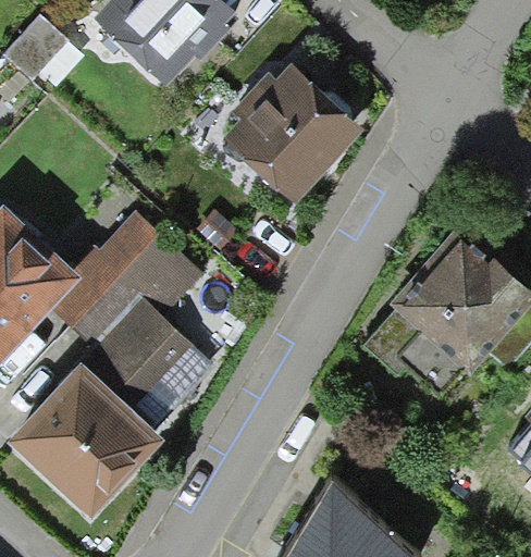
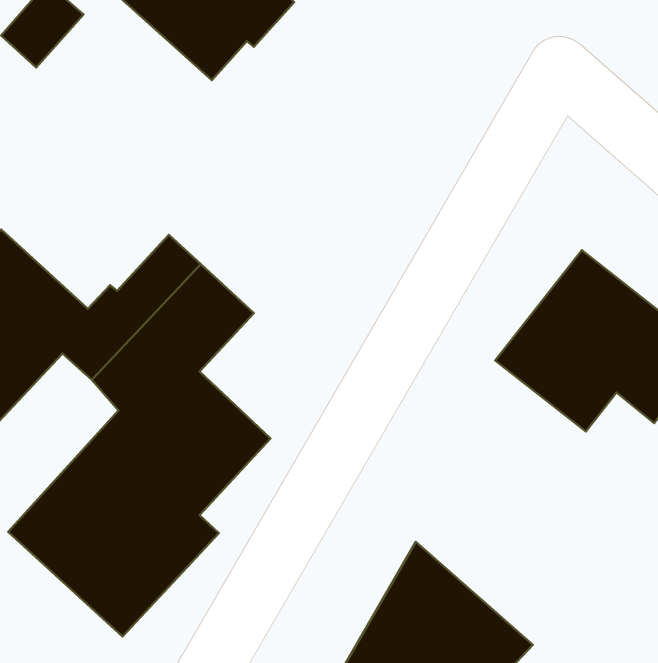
building: [220,65,354,199] -> none

